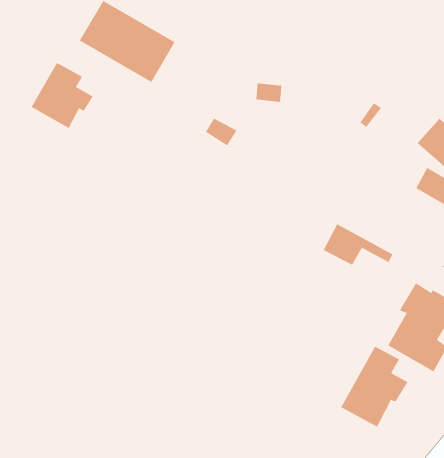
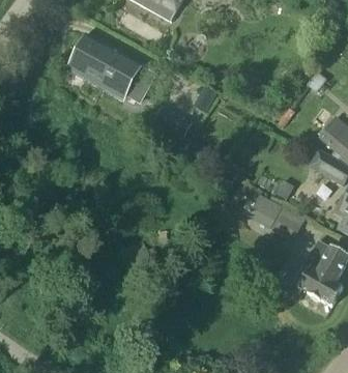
building: [31,62,94,129] -> none
building: [341,346,408,427] -> none

